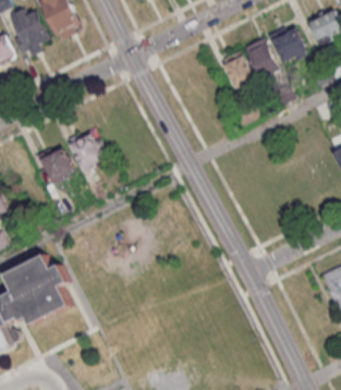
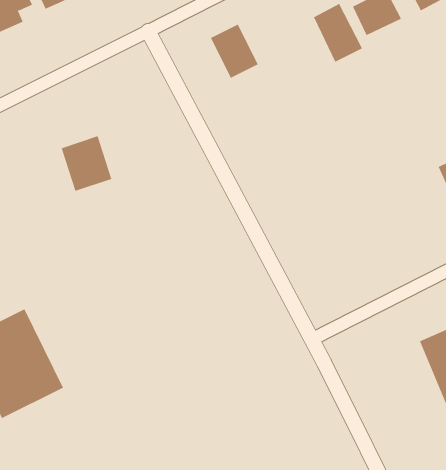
building: [222,50,256,88] -> [210,24,259,78]
building: [41,148,76,184] -> none

